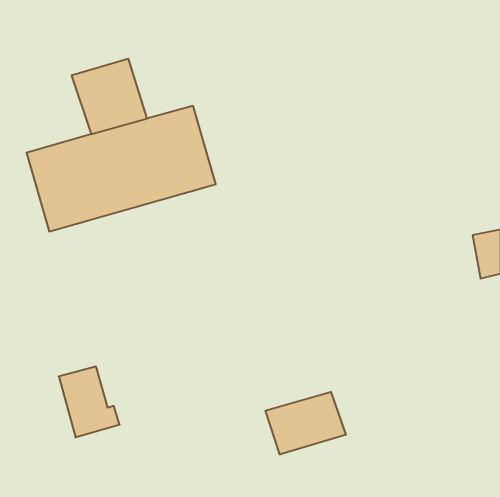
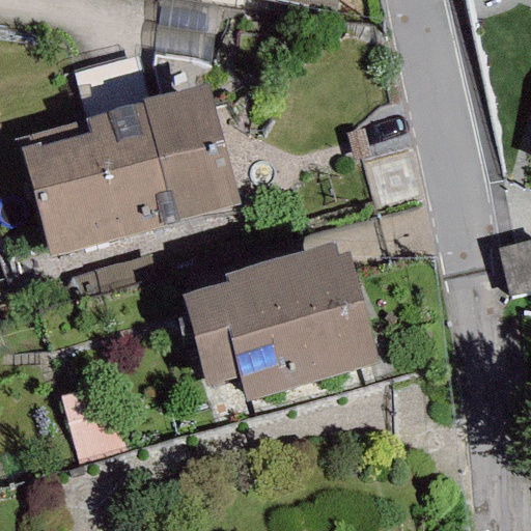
building: none -> [192,263,366,393]
building: [265,392,346,455] -> none

